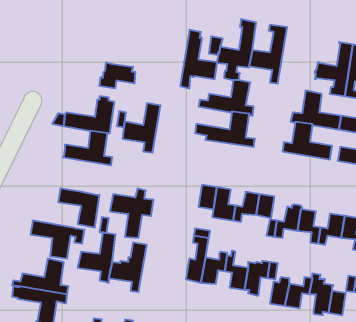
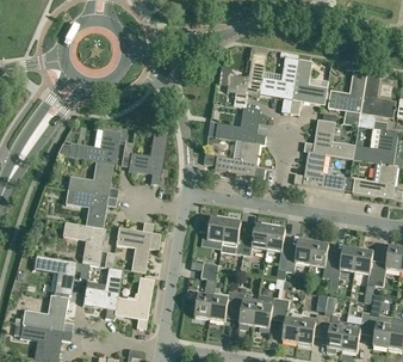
building: [180,30,217,89] -> [289,54,327,115]
building: [100,62,135,88] -> none
building: none -> [64,189,116,228]

